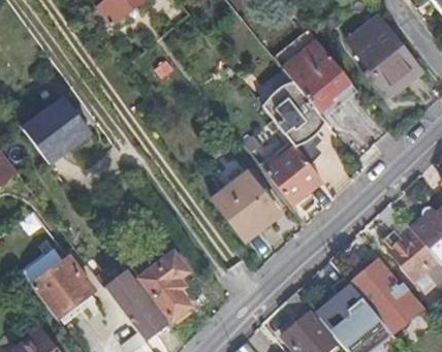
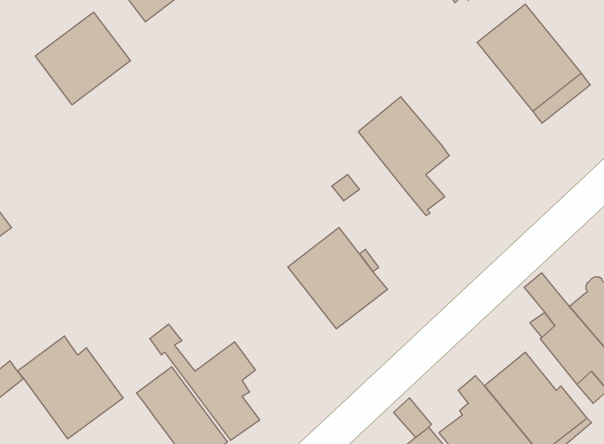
building: [281,38,351,113] -> none
building: [23,97,90,162] -> [35,12,131,105]
building: [263,145,322,204] -> none

